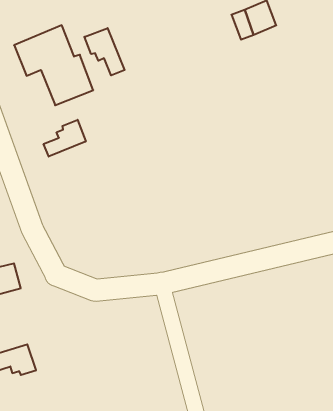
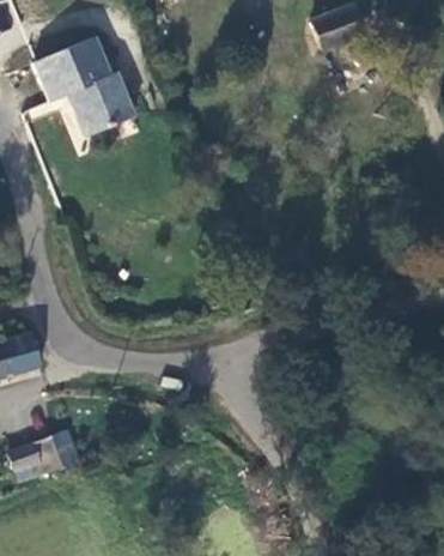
building: [84,28,125,75] -> none
building: [44,120,86,157] -> none

